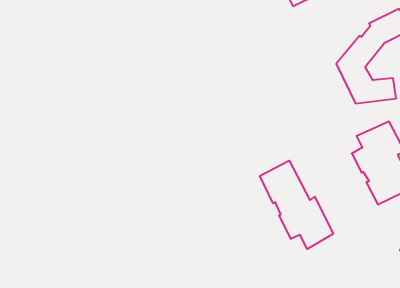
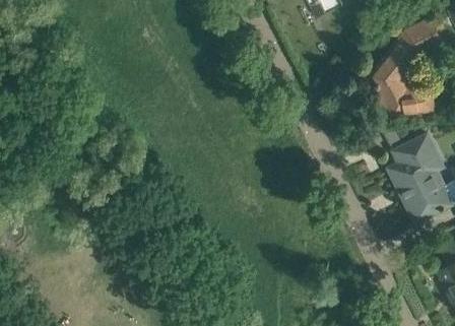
building: [260,161,333,249] -> none

